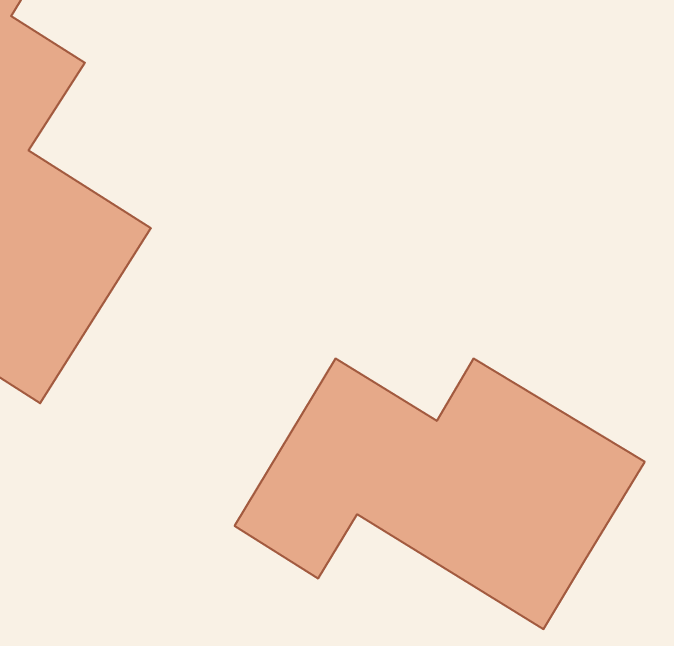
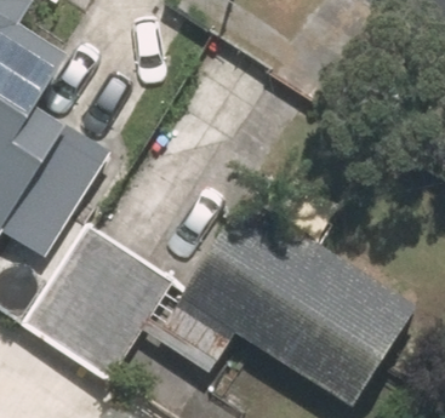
building: none -> [27,229,177,384]

